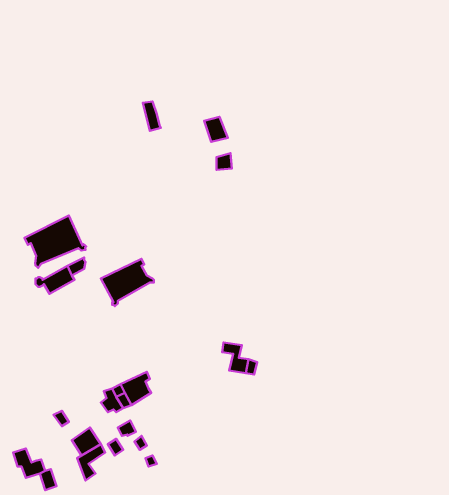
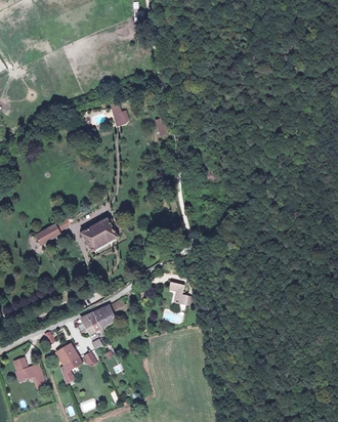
building: [25,216,86,268] -> none

